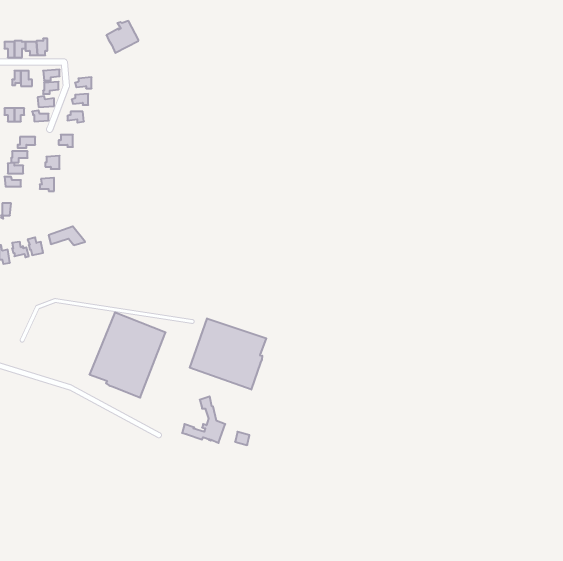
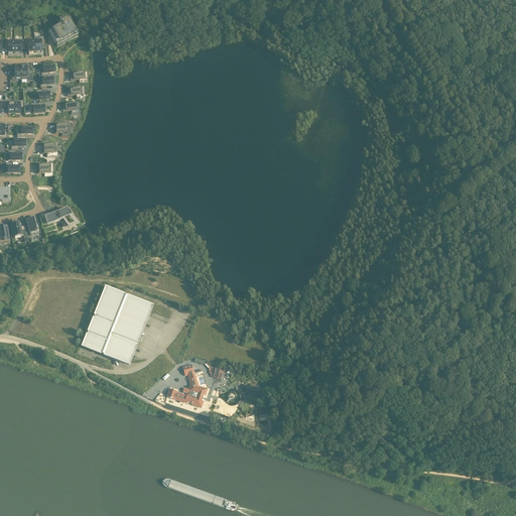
building: [106,21,138,53] -> [47,16,77,45]
building: [190,318,266,390] -> none

